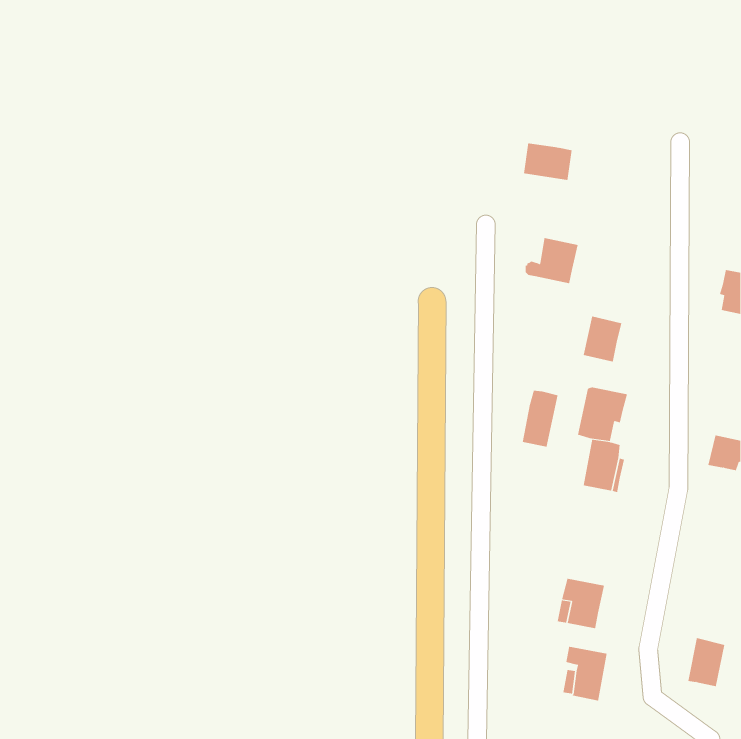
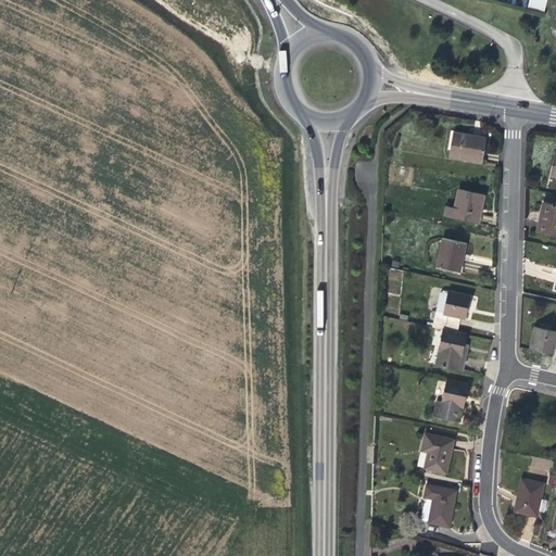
building: [523,143,572,181] -> [448,132,485,161]
building: [525,238,579,284] -> [444,188,484,223]
building: [522,390,558,447] -> none
building: none -> [433,379,468,422]

